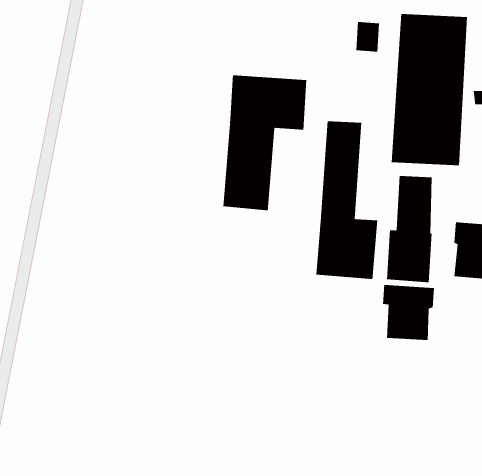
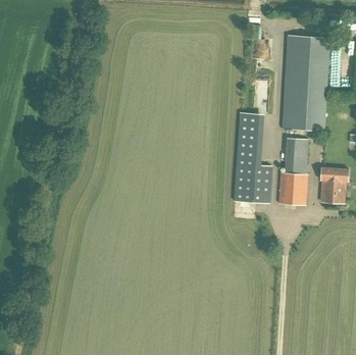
building: [223,74,307,211] -> none
building: [382,284,435,341] -> none

